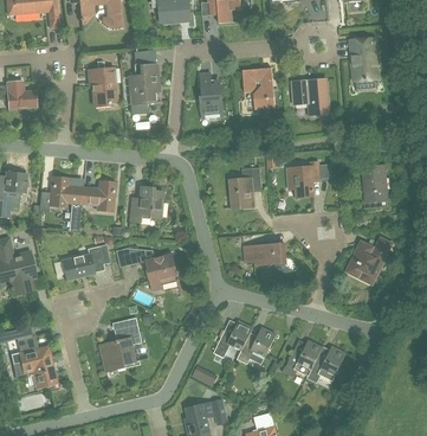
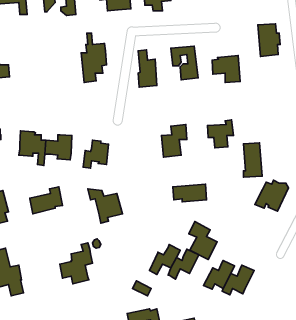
building: [86,60,117,103] -> none
building: [363,165,387,209] -> [244,143,262,177]
building: none -> [189,221,217,260]

